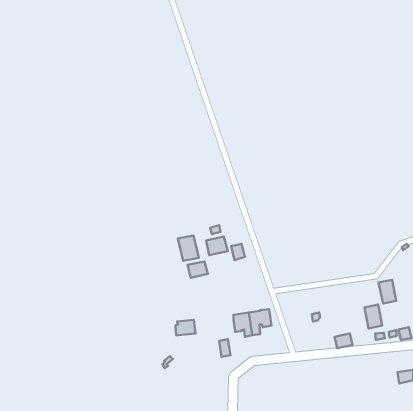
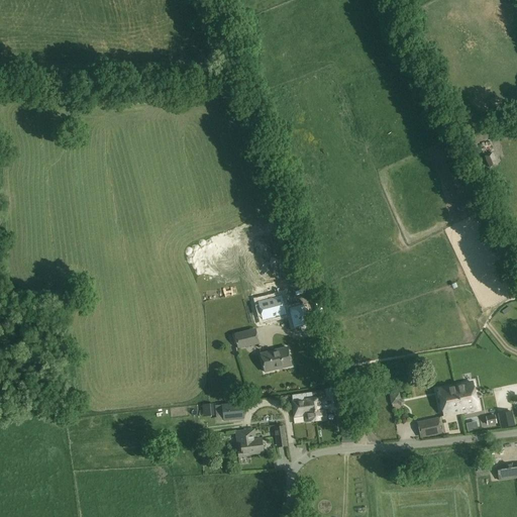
building: [178,235,199,261] -> none
building: none -> [261,345,292,371]
building: [378,280,396,303] -> [438,385,460,414]
building: none -> [237,428,263,456]

